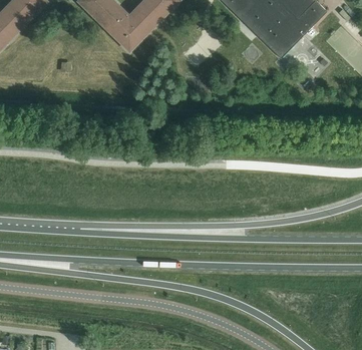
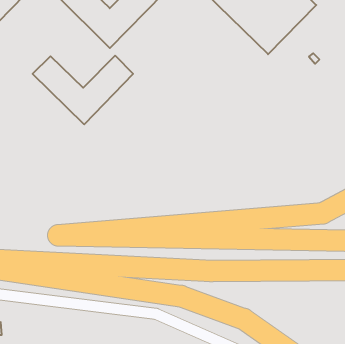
building: none -> [33,56,133,124]

